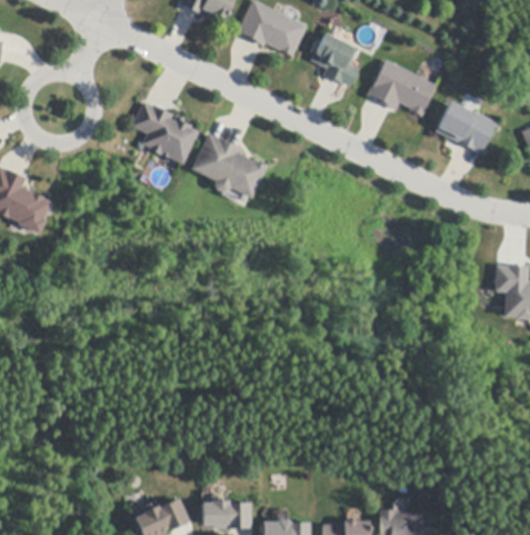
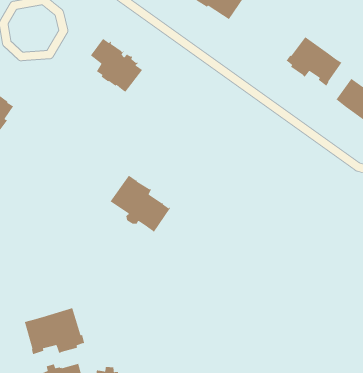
building: [311,32,359,87] -> none
building: [191,133,267,198] -> [109,175,171,233]
building: none -> [24,307,85,355]

